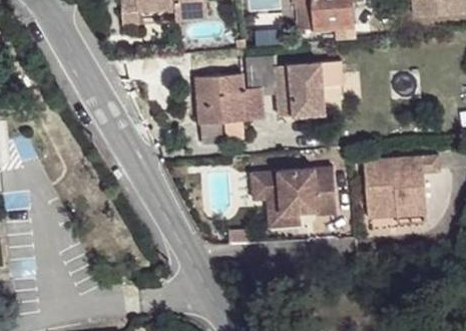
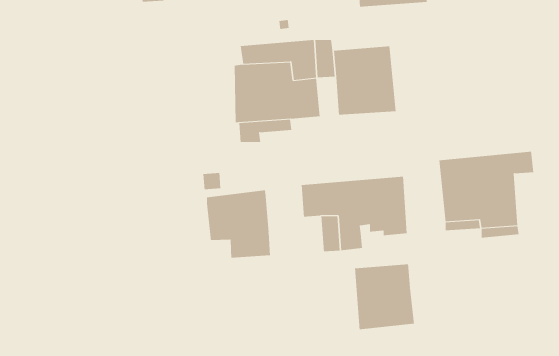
building: none -> [206,190,271,258]
building: none -> [354,263,414,330]

